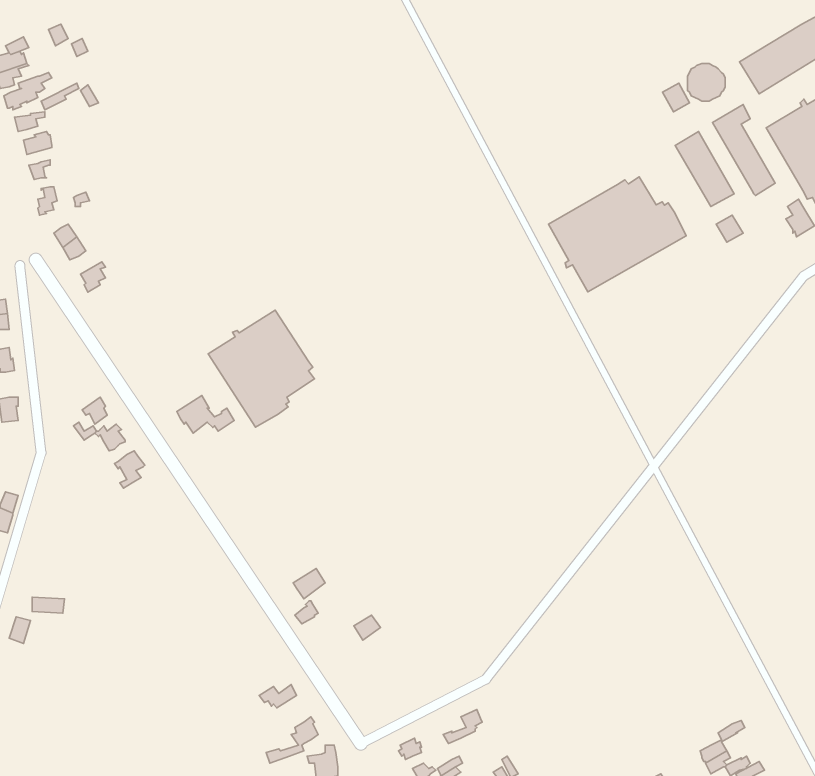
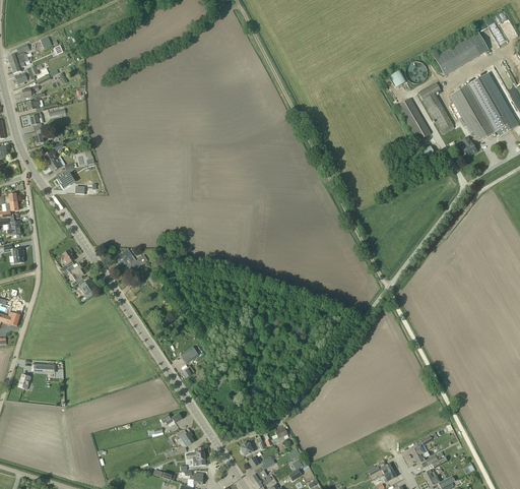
building: [548,177,686,292] -> none
building: [208,310,315,427] -> none

